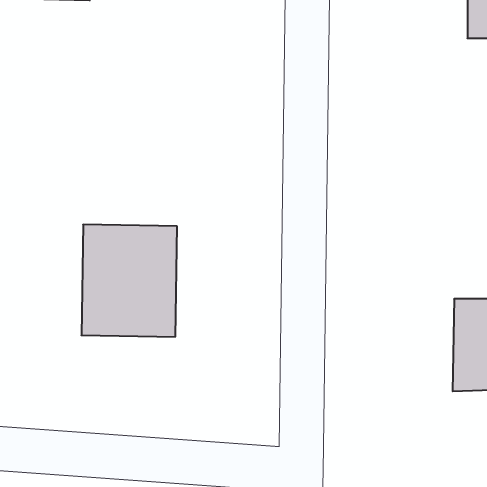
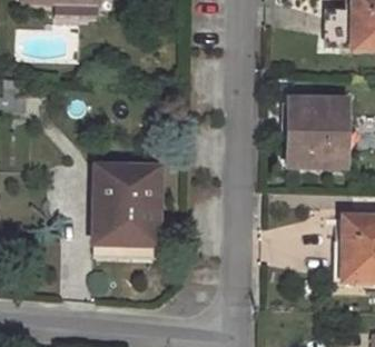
building: none -> [288,99,345,165]

